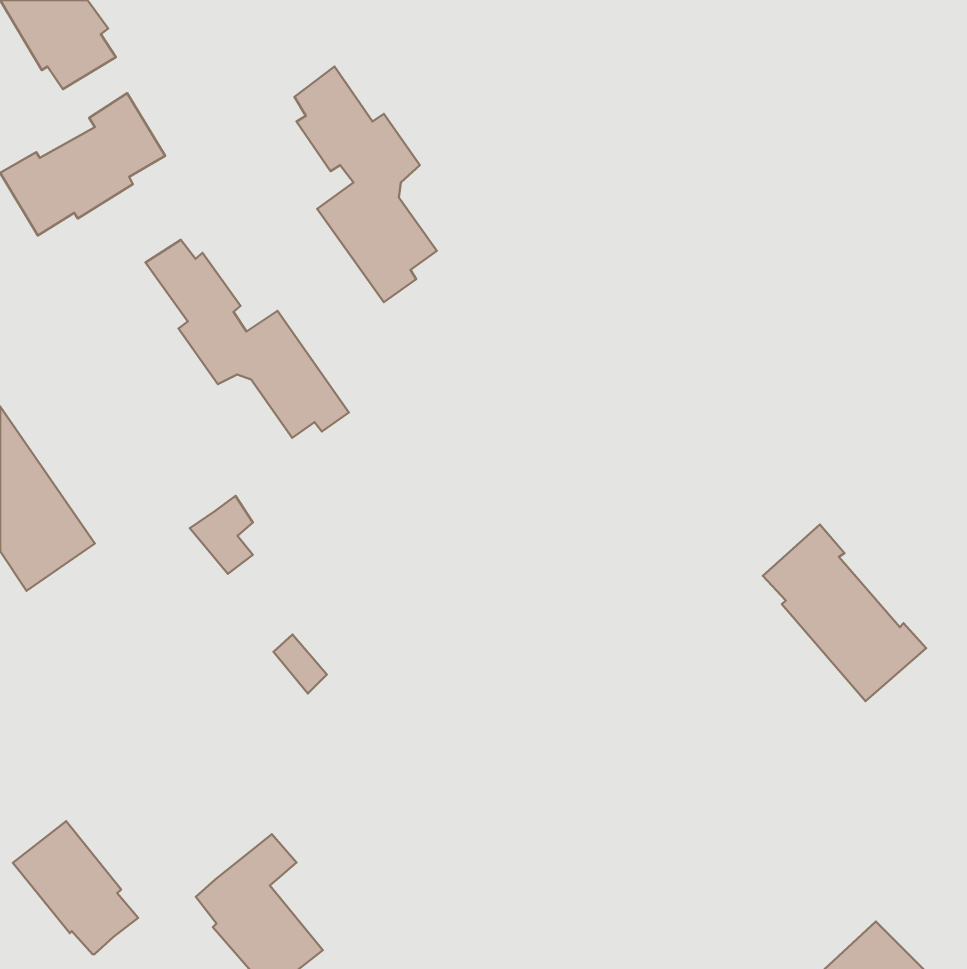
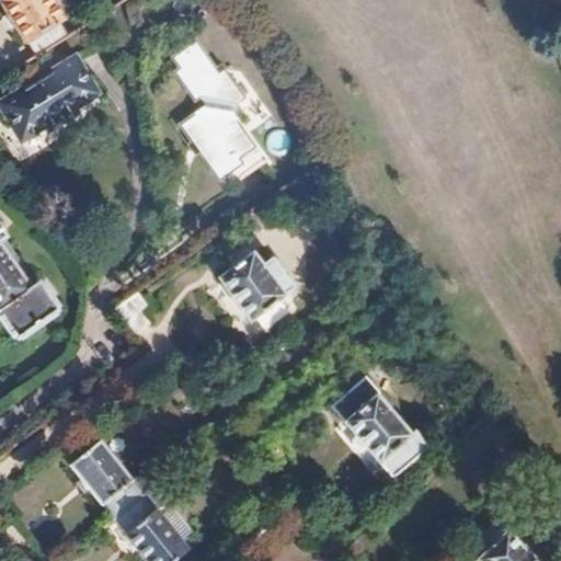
building: [145,240,349,438] -> none
building: none -> [219,251,294,317]
building: [763,525,926,701] -> [335,375,430,477]
building: [13,821,138,954] -> [68,442,140,518]

